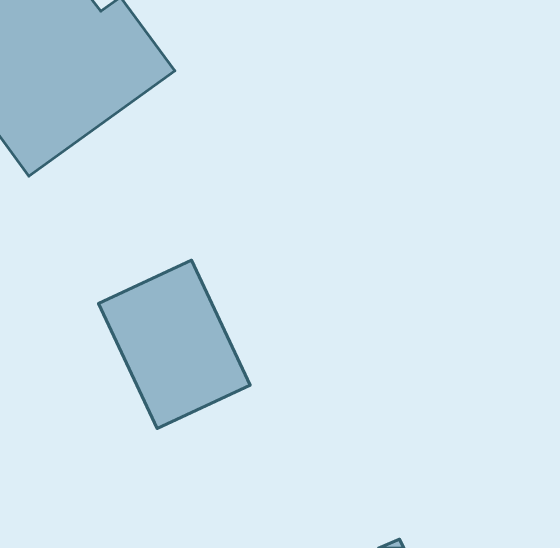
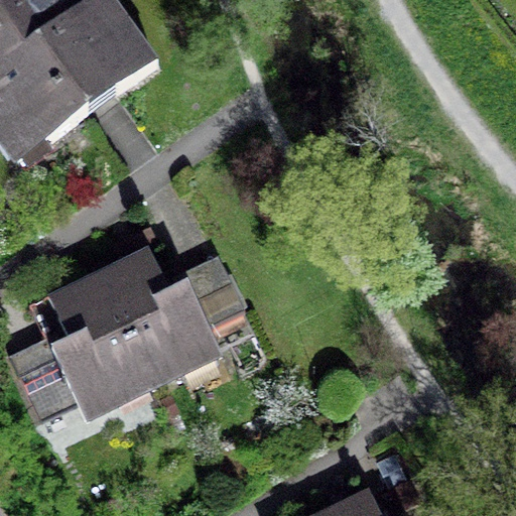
building: none -> [8,276,143,417]

